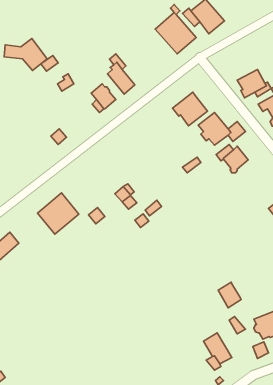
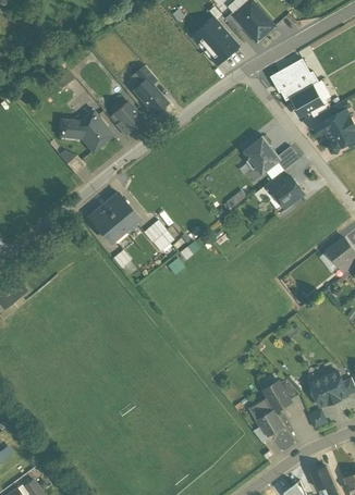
building: [4,39,47,71] -> [61,112,112,150]
building: none -> [269,59,317,100]
building: [172,92,208,126] -> none
building: [38,193,79,234] -> [88,193,137,242]
building: [218,282,241,308] -> [262,381,290,411]

